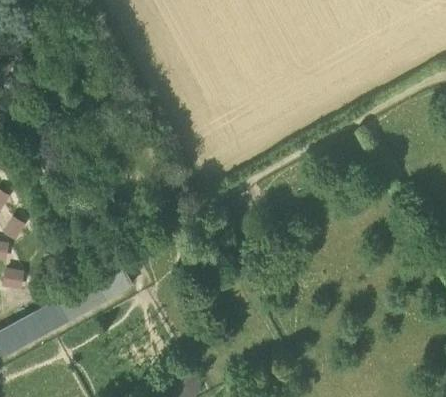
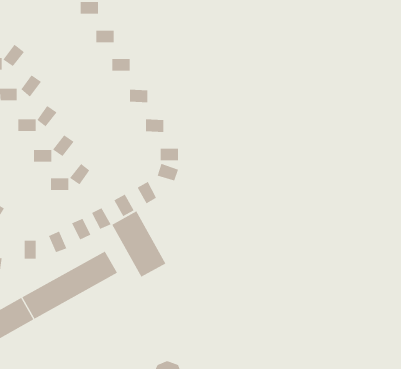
building: none -> [111,211,166,278]

